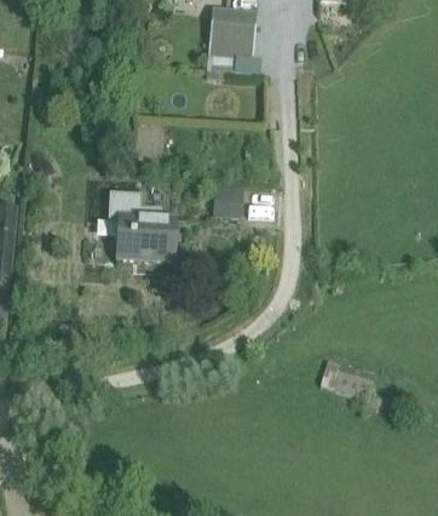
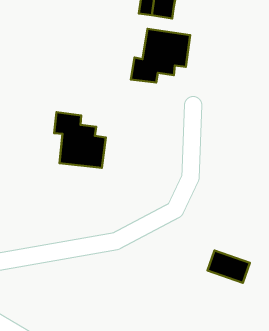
building: none -> [131,29,190,82]
building: [214,187,244,217] -> none

